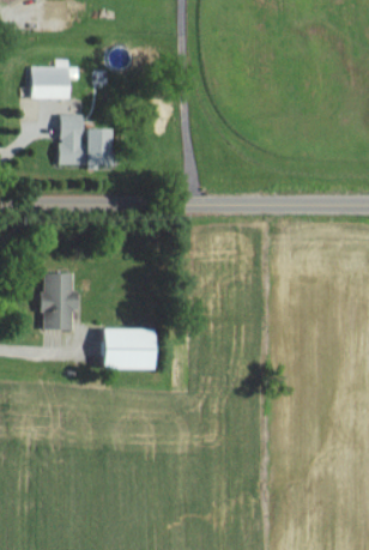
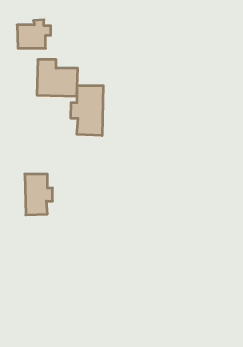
building: none -> [71,86,103,136]
building: [104,328,156,369] -> none

